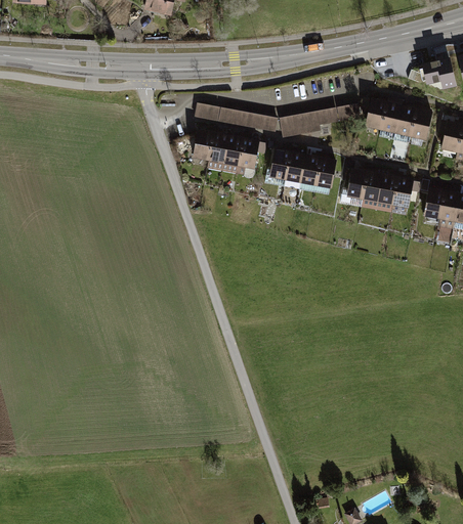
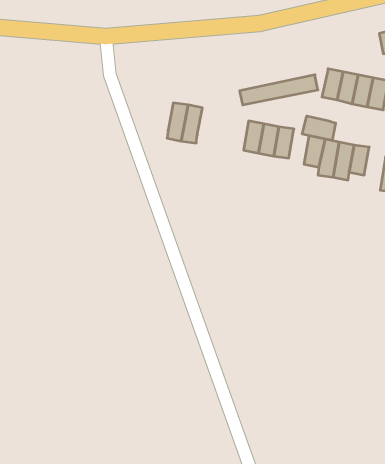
building: [195,102,278,132] -> none
building: [193,129,213,160] -> none
building: [238,137,258,168] -> none
building: none -> [302,116,336,141]
building: [268,148,290,180] -> none

